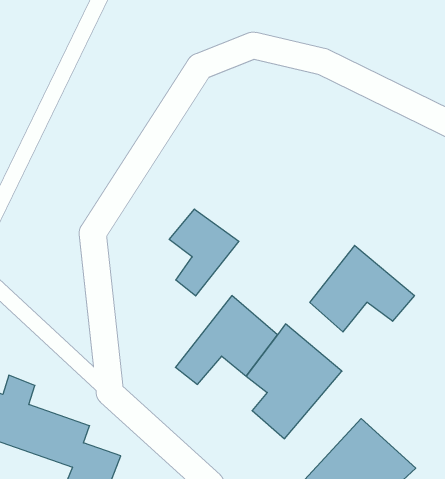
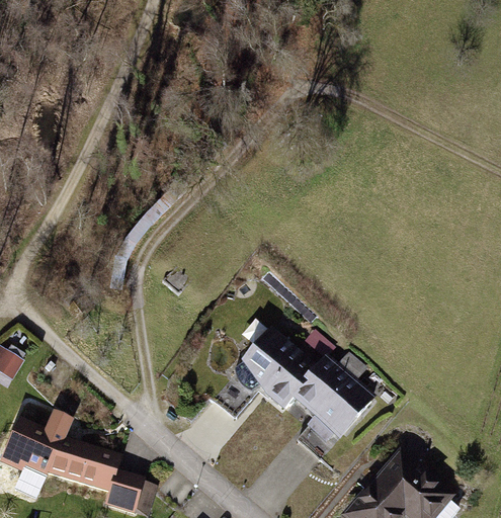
building: [169,209,239,296] -> none
building: [310,245,414,332] -> none

